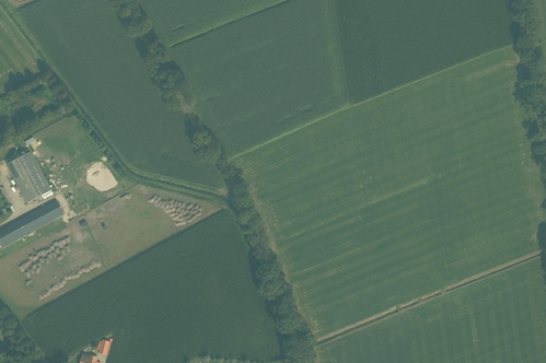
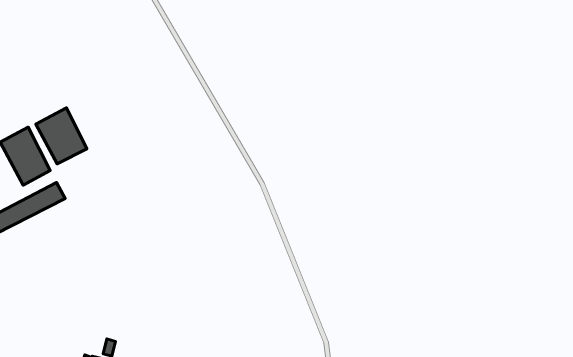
building: none -> [36,108,87,164]

